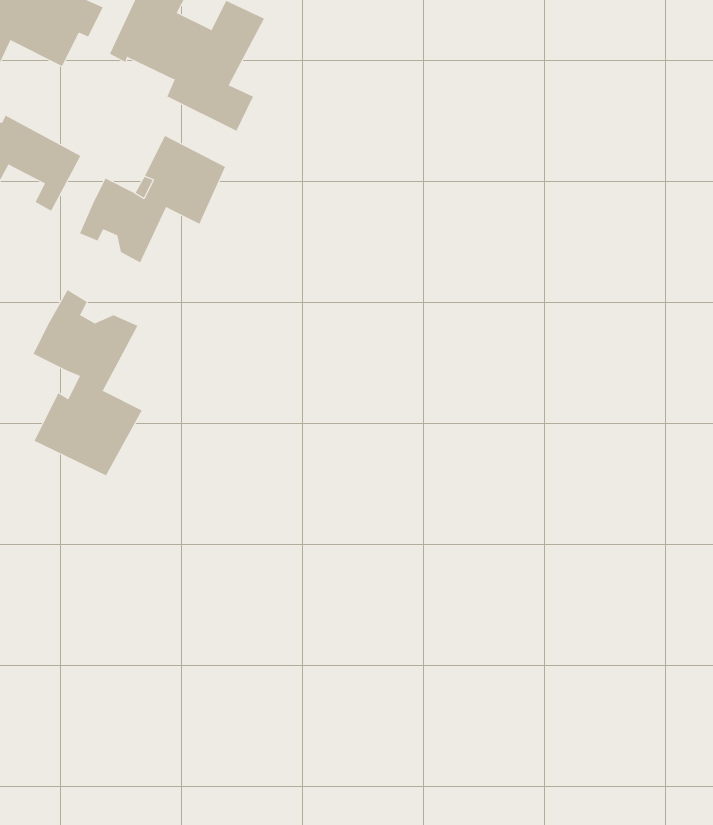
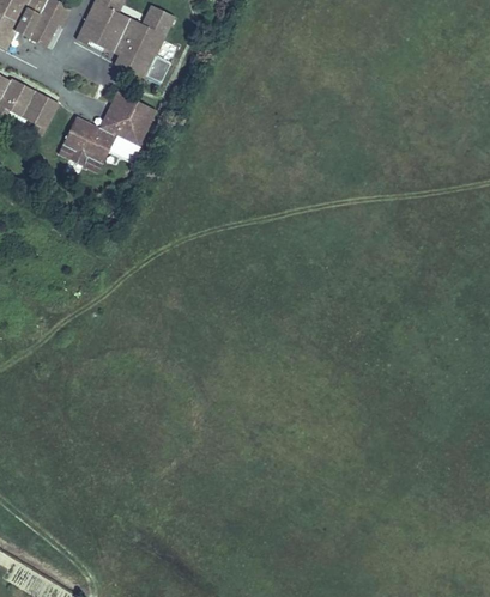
building: [33,289,142,476] -> none

